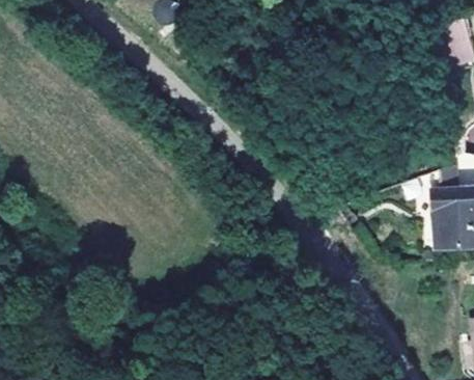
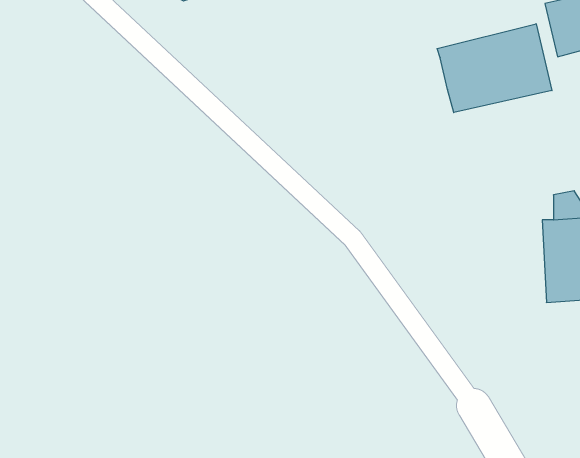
building: none -> [437,24,552,113]

